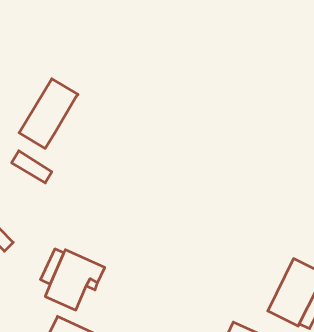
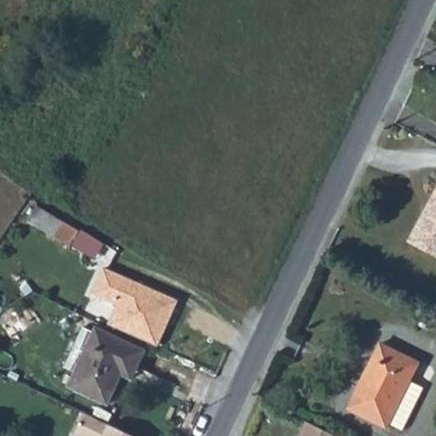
building: [19,79,78,148] -> none
building: none -> [97,268,182,349]

